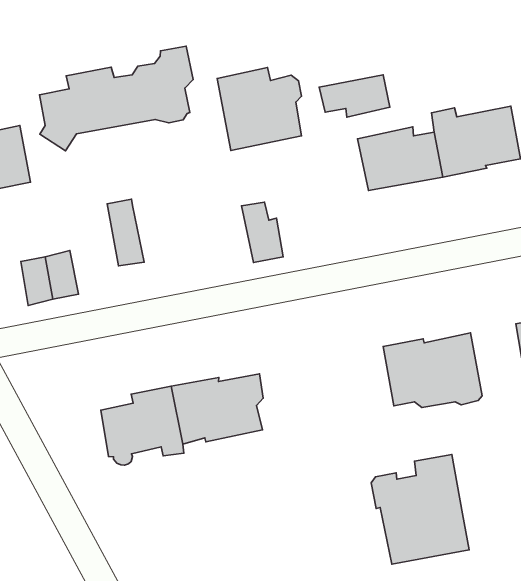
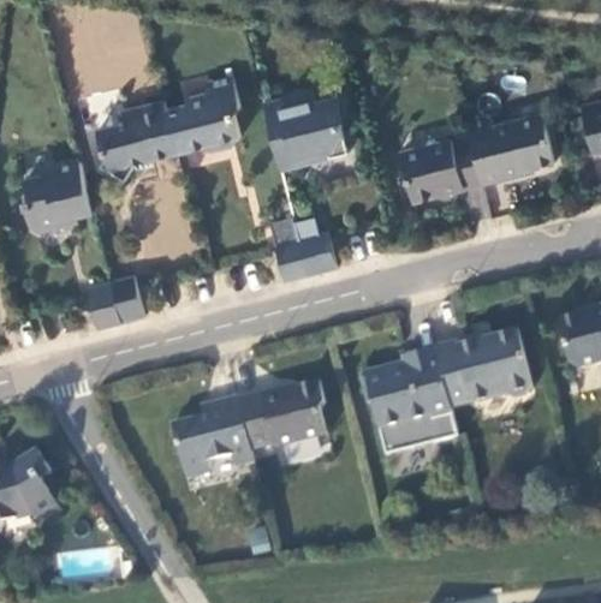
building: [319,75,390,117] -> none
building: [107,199,144,266] -> [269,217,308,281]
building: [371,455,469,564] -> [361,348,457,455]

